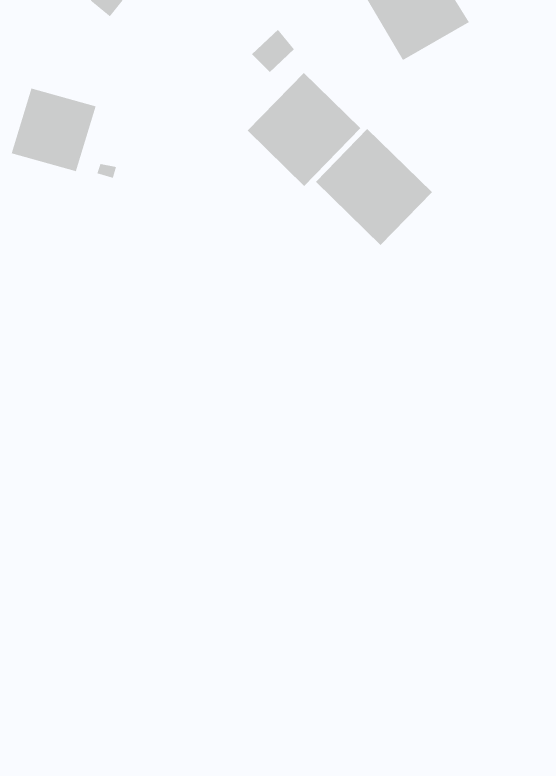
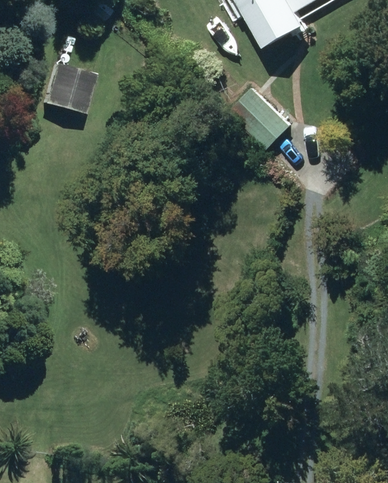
building: [247,72,361,187] -> none

